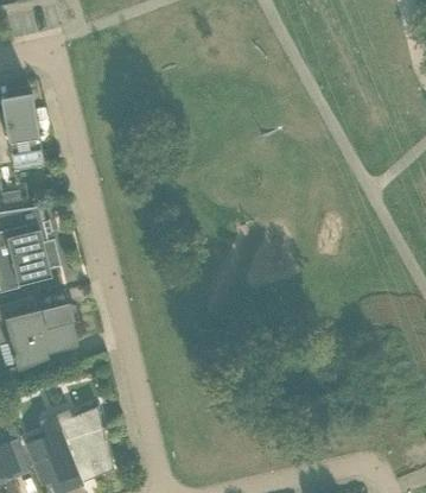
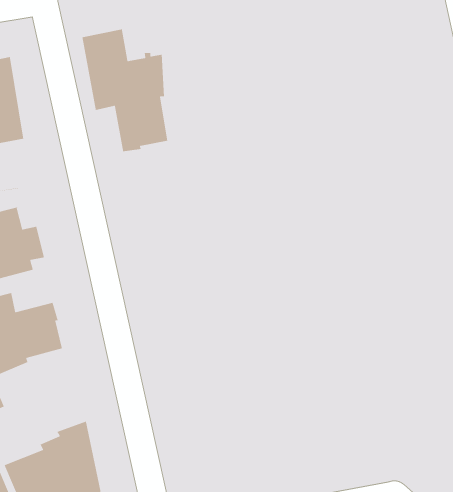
building: none -> [81,28,168,152]

